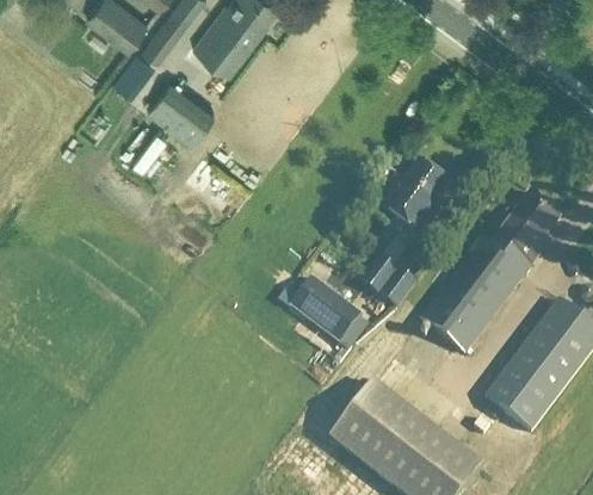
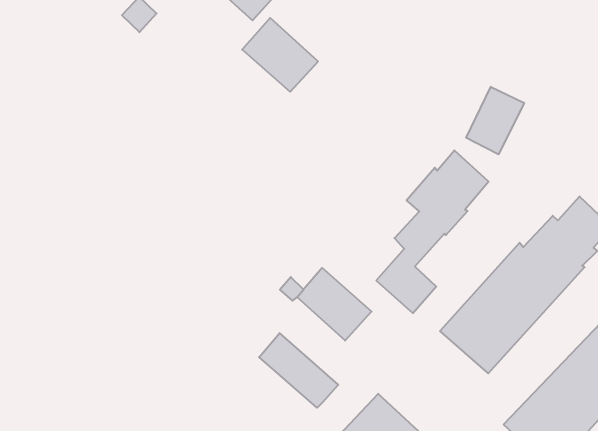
building: [150,75,217,137] -> [242,18,318,92]
building: none -> [466,87,524,154]
building: none -> [259,333,338,408]

